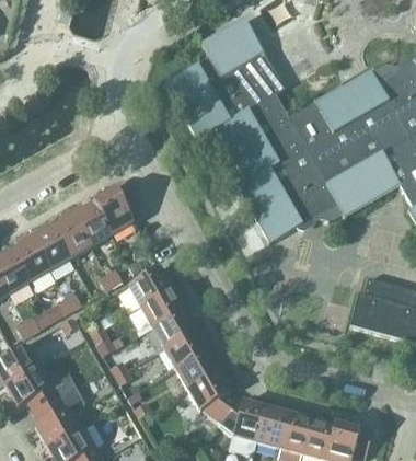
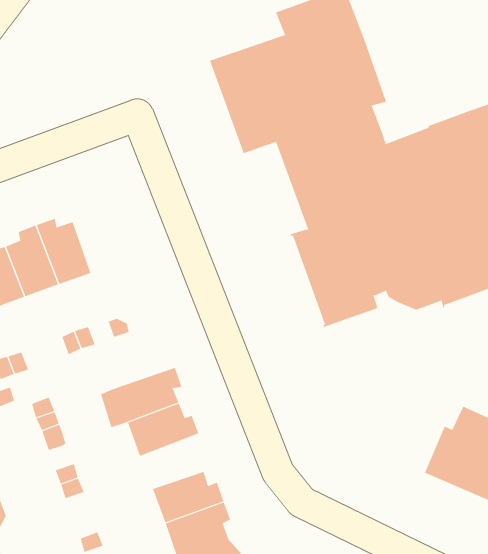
building: [93,180,138,235] -> none
building: [127,268,176,308] -> none
building: [163,327,207,369] -> none

